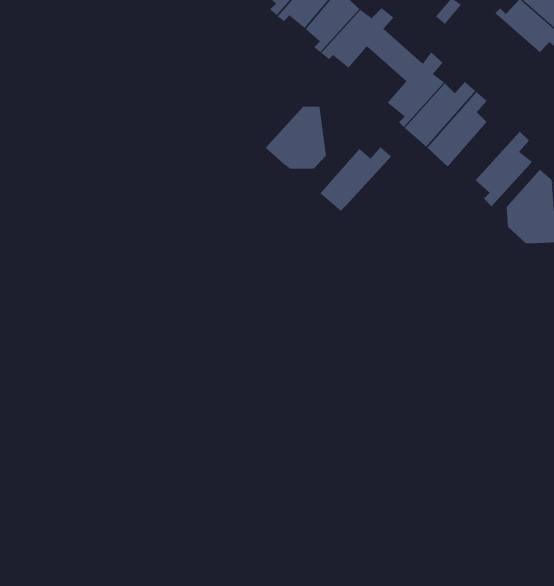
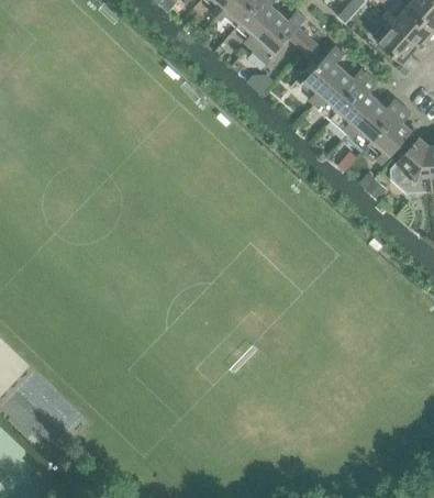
building: none -> [374,14,420,70]
building: [265,106,326,169] -> none
building: [320,147,392,212] -> [348,98,404,148]

